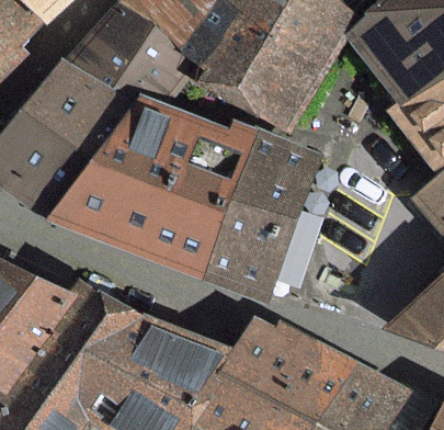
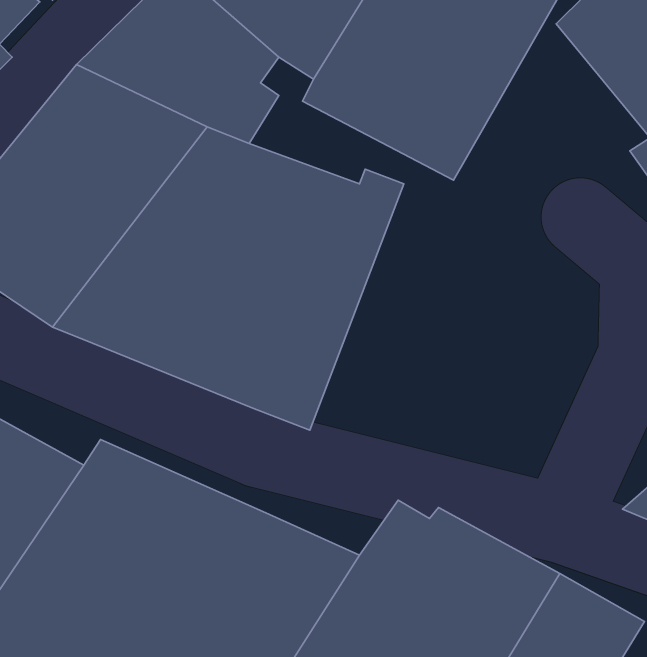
building: [204,131,320,302] -> none

